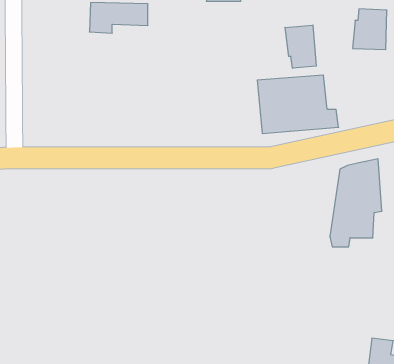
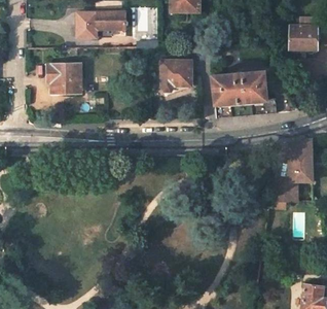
building: [285,25,316,68] -> none
building: none -> [160,61,190,92]
building: none -> [47,63,80,92]

